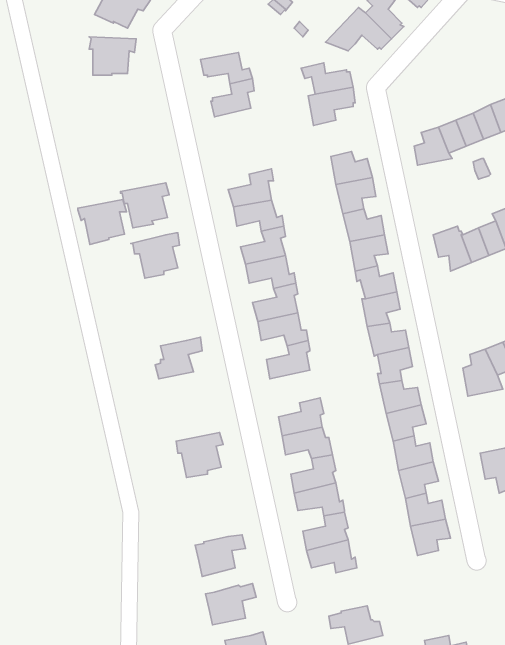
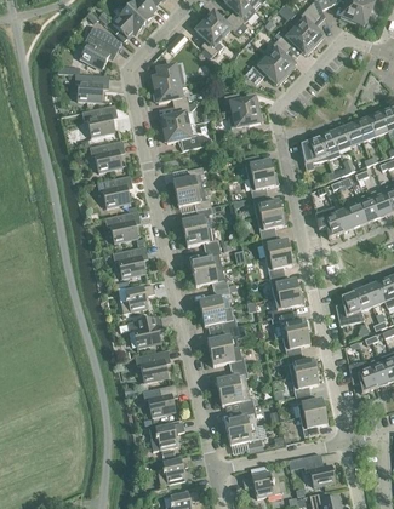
building: none -> [152,63,184,90]
building: none -> [81,104,115,137]
building: none -> [162,124,212,150]
building: [78,200,126,245] -> [90,141,124,172]
building: none -> [112,246,145,278]
building: none -> [201,307,236,330]
building: none -> [127,315,161,348]
building: none -> [143,384,176,416]
building: none -> [302,453,335,486]

